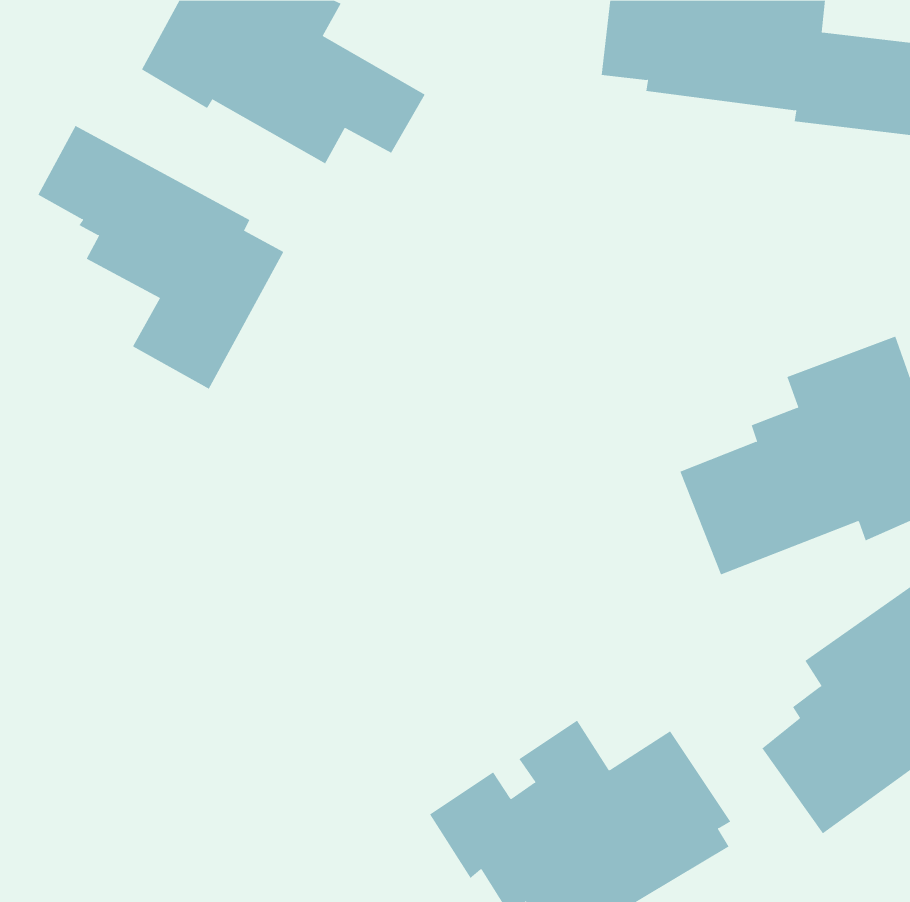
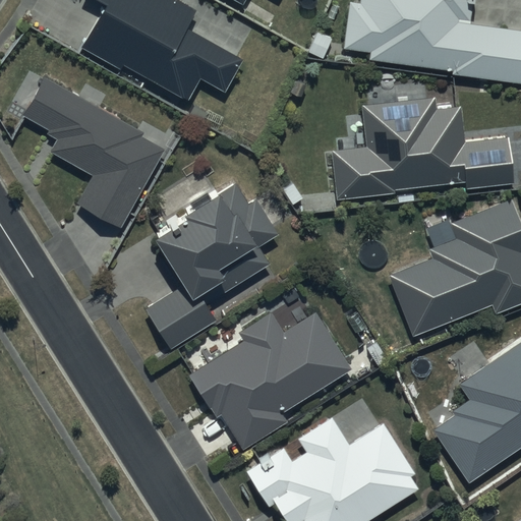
building: none -> [333,97,513,199]
building: none -> [146,183,279,348]
building: none -> [189,311,353,448]

